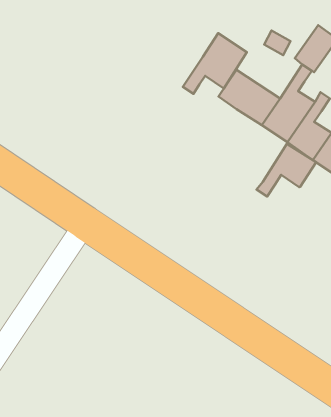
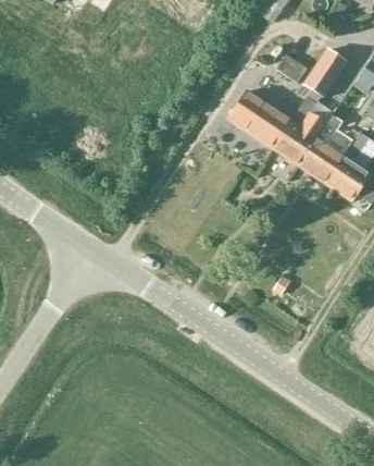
building: [183,33,247,94] -> none
building: [257,144,316,197] -> none

